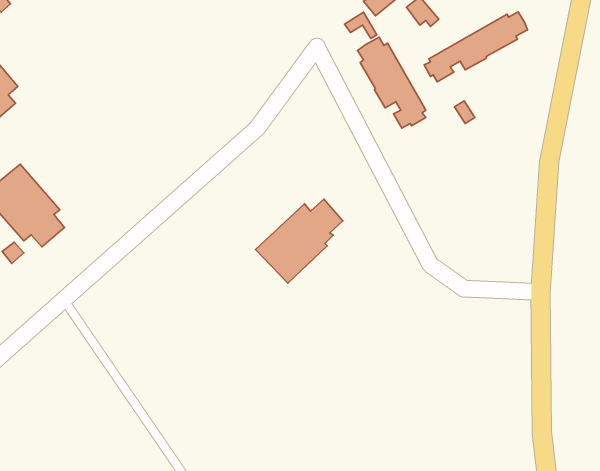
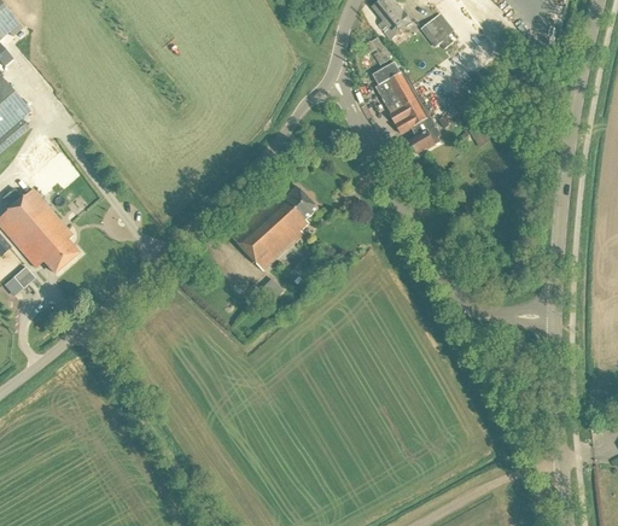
building: [424,12,528,82] -> none
building: [256,199,343,283] -> [229,186,317,270]

